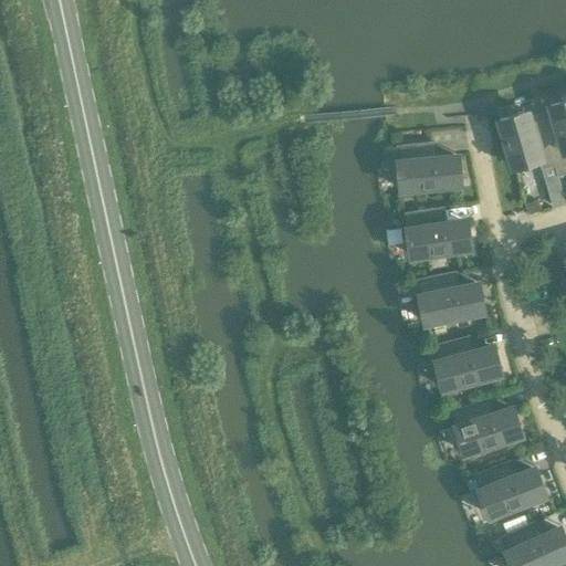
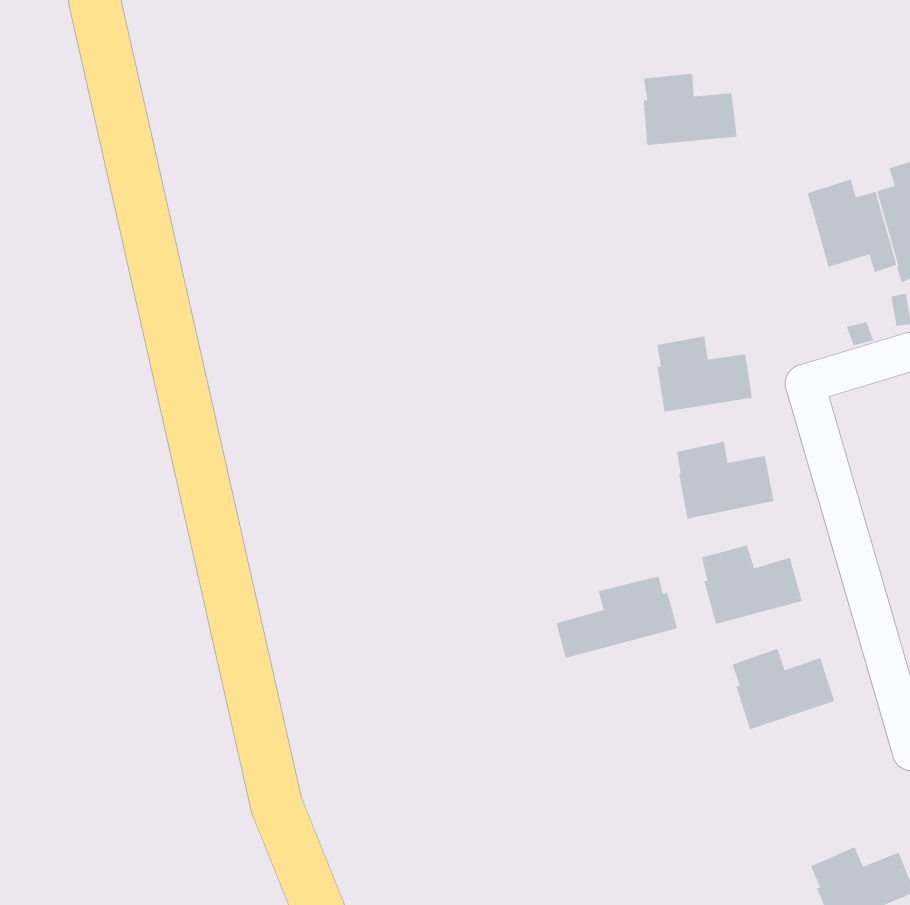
building: [399,147,458,192] -> [643,73,737,146]
building: none -> [556,576,678,659]
building: [476,468,543,520] -> none

